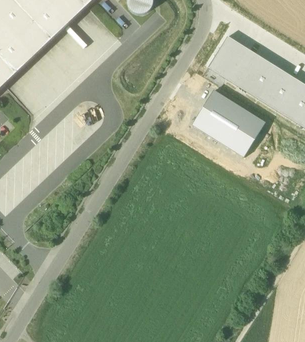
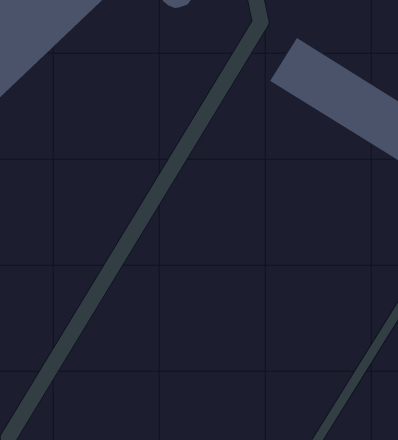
building: [191,89,265,157] -> none

